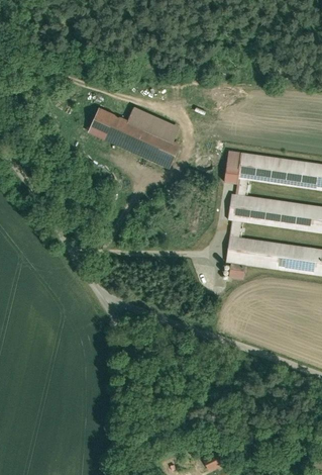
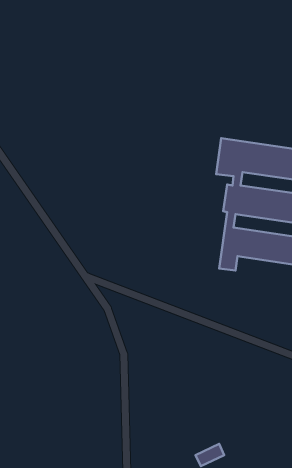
building: [86,108,180,169] -> none

